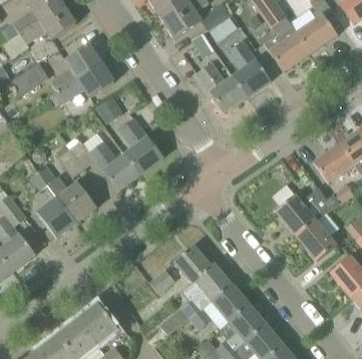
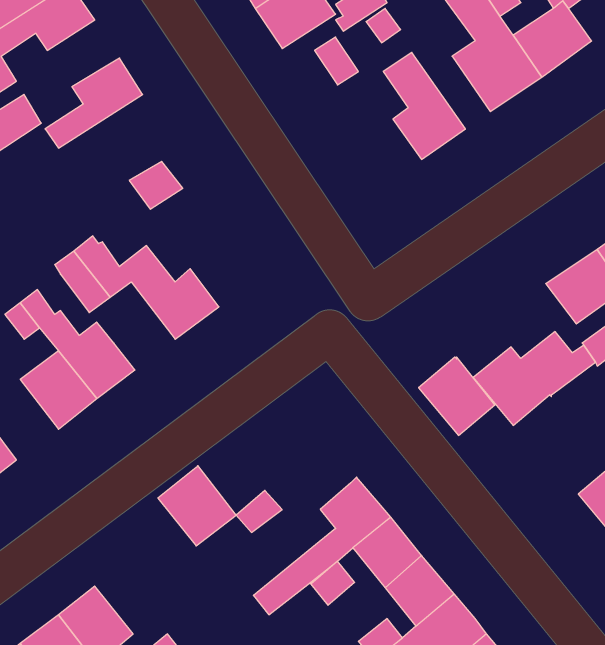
building: [57,62,114,102] -> none
building: [197,62,248,112] -> none
building: [119,117,163,173] -> none
building: [296,220,336,261] -> [419,357,495,435]
building: [174,246,211,282] -> none
building: [76,303,117,345] -> [158,466,236,546]

